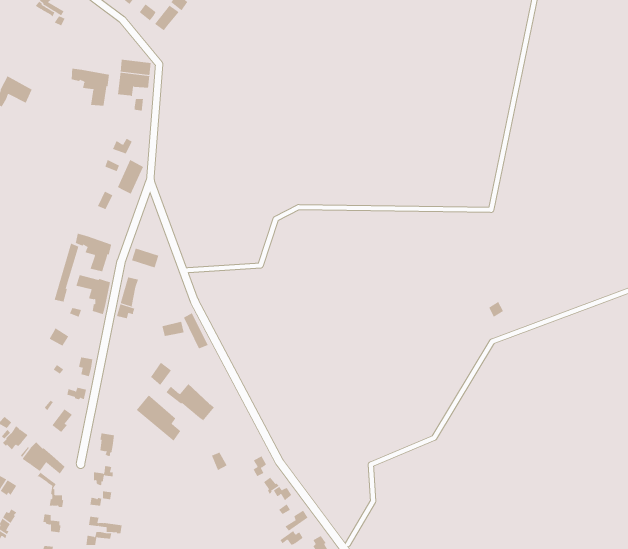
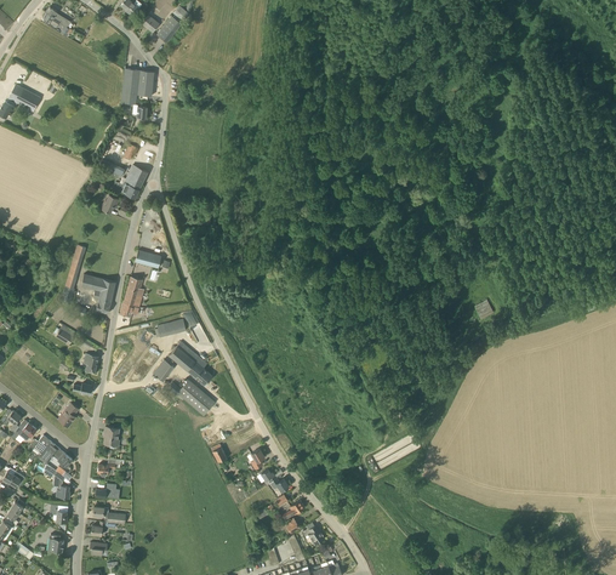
building: [71,68,109,107] -> none
building: [75,233,112,272] -> none
building: [136,395,181,441] -> [169,340,212,385]

